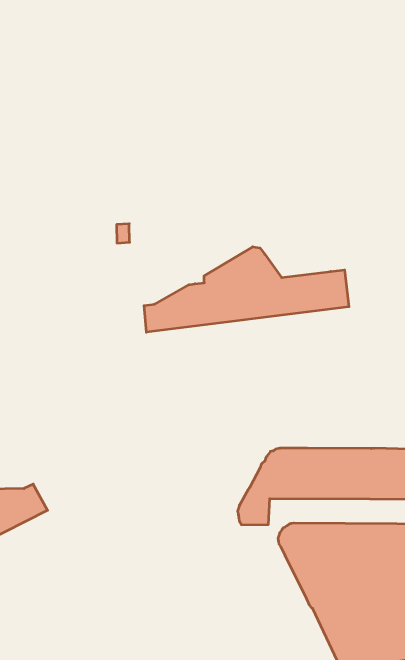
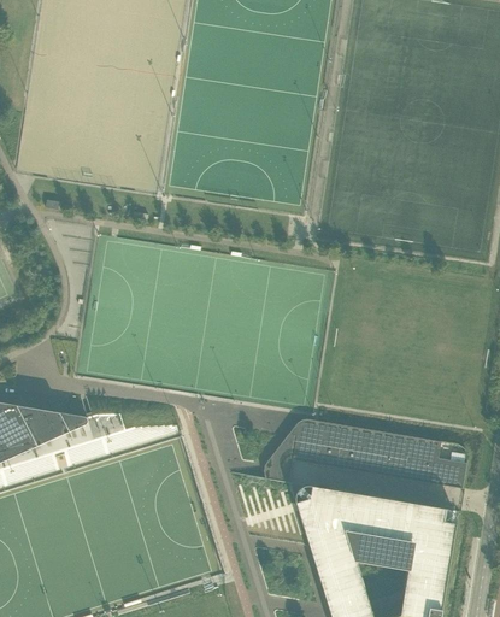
building: [144,247,349,332] -> none

